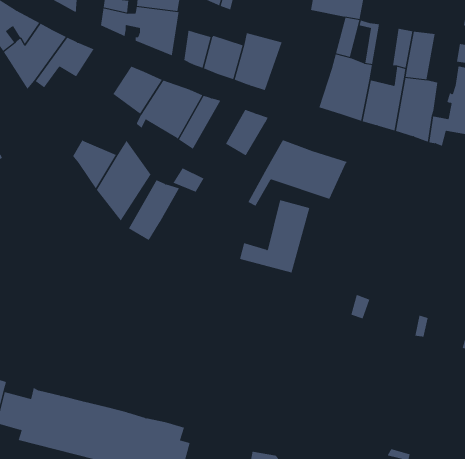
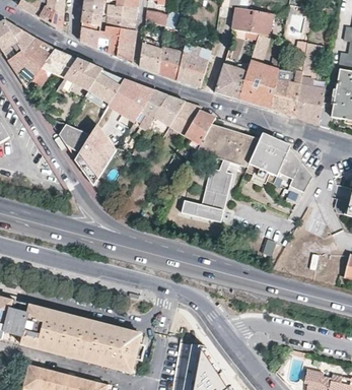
building: none -> [58,57,101,91]
building: none -> [214,63,248,100]
building: none -> [186,111,215,144]
building: none -> [244,133,312,203]
building: [128,180,180,241] -> [147,94,185,139]

